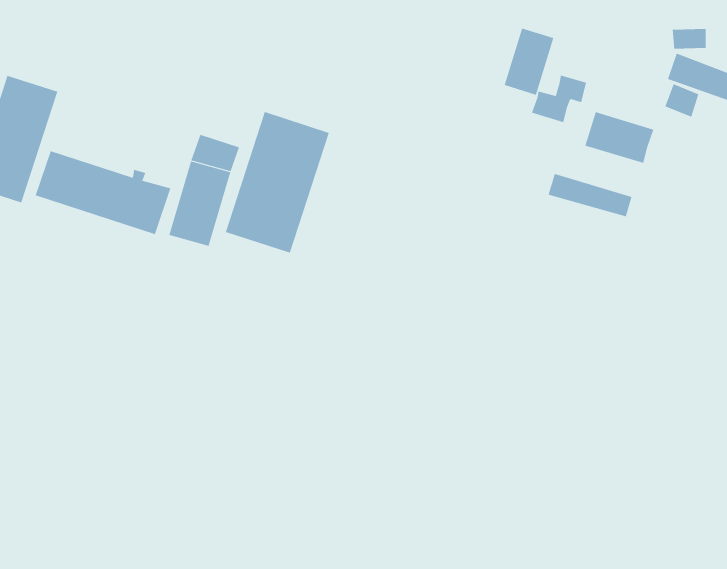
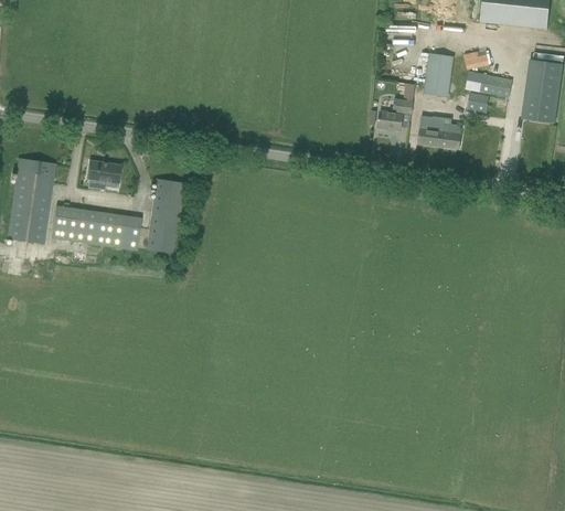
building: [504,28,554,95] -> [424,52,452,96]
building: none -> [86,159,121,187]
building: [225,111,329,254] -> none
building: [548,173,632,217] -> none

